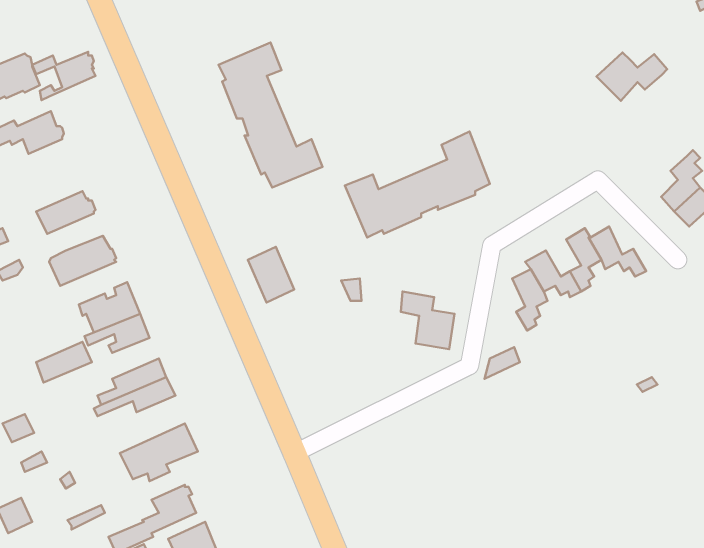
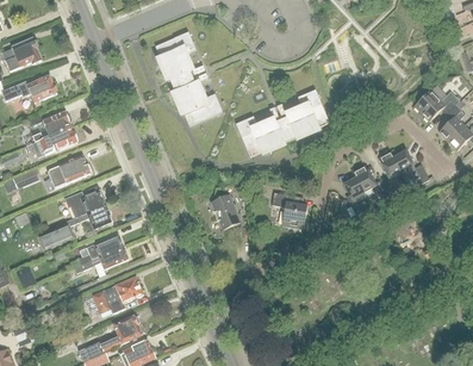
building: [32,52,96,100] -> [27,111,68,142]
building: [597,52,667,101] -> [413,89,459,120]
building: [248,247,294,303] -> [210,193,239,229]

